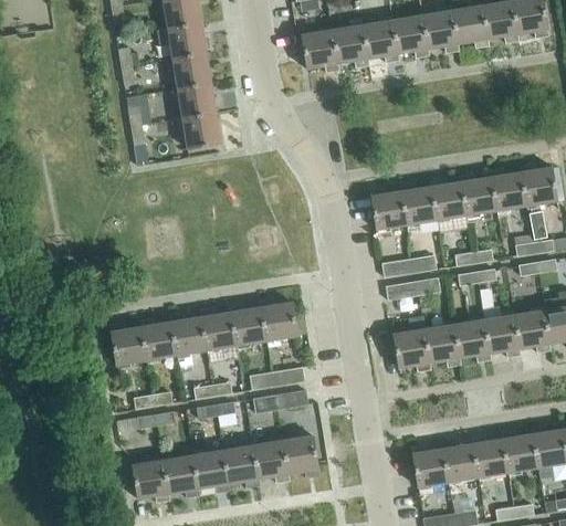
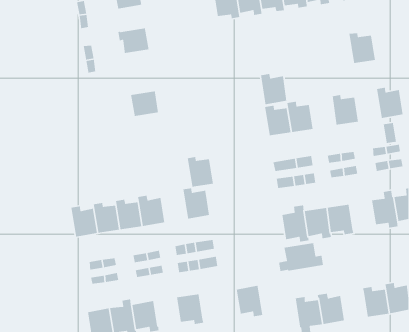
building: [165,53,211,88] -> none
building: [182,113,221,148] -> [130,90,159,117]
building: [491,165,527,210] -> [349,30,376,64]
building: [430,175,467,220] -> [260,71,287,105]
building: [231,299,268,345] -> [187,154,214,187]
building: [484,314,521,357] -> none
building: none -> [278,242,324,272]
building: [283,434,319,477] -> [236,285,263,317]
building: [472,434,509,476] -> none
building: [222,444,260,486] -> none

